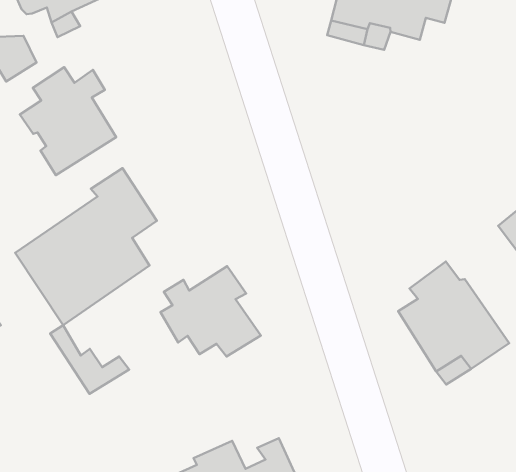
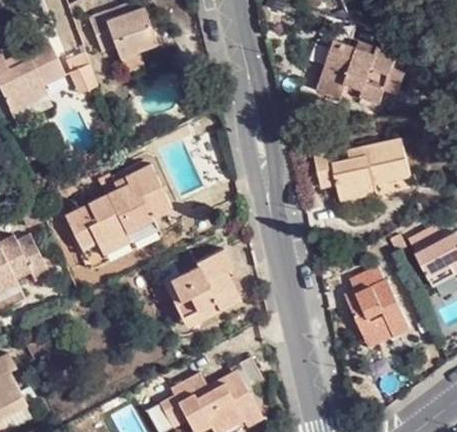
building: [20,67,116,175] -> none
building: none -> [307,134,406,201]
building: [50,325,129,394] -> [159,274,212,325]

